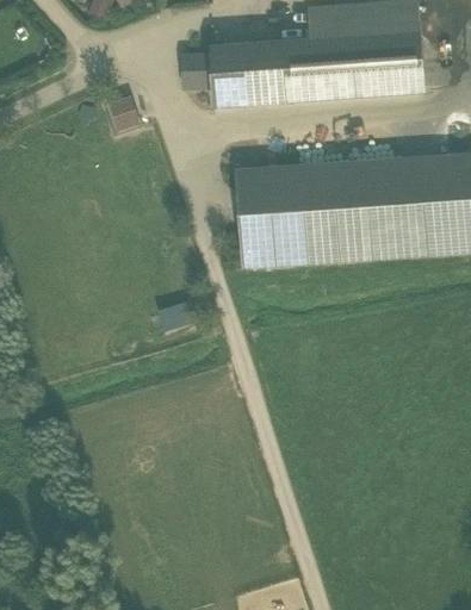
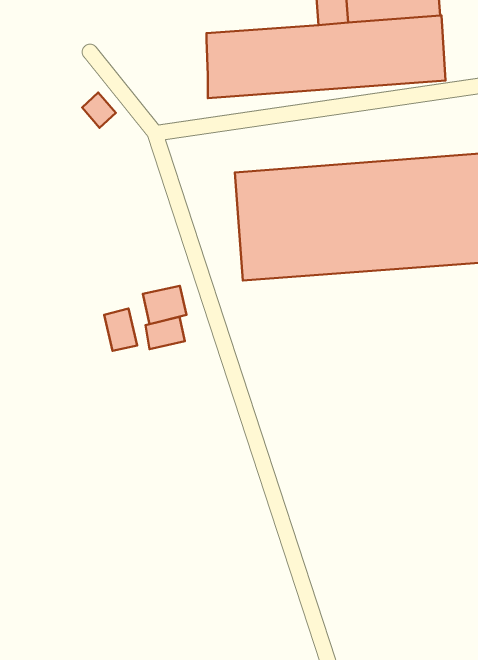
building: [184,54,213,86] -> none
building: none -> [143,286,186,324]
building: none -> [104,308,137,351]

